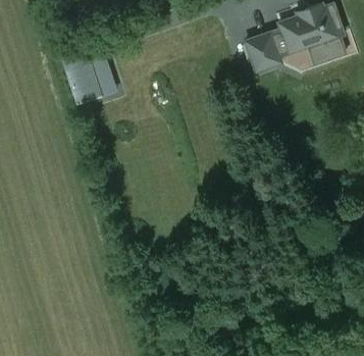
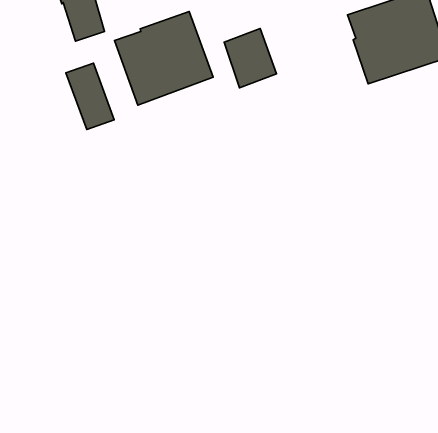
building: none -> [115,12,213,105]
building: [244,29,282,72] -> [224,28,277,88]

